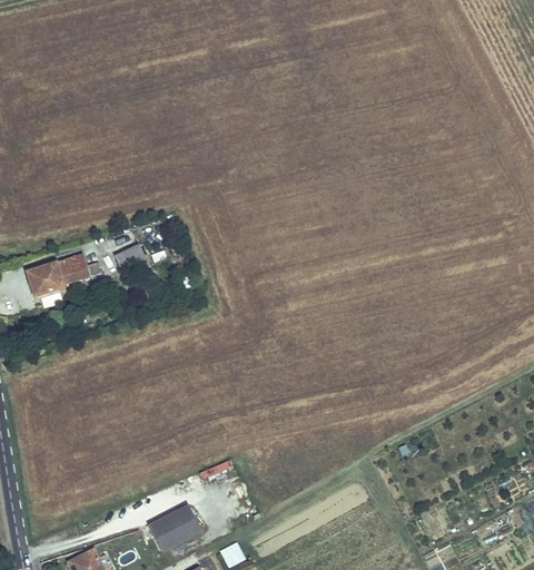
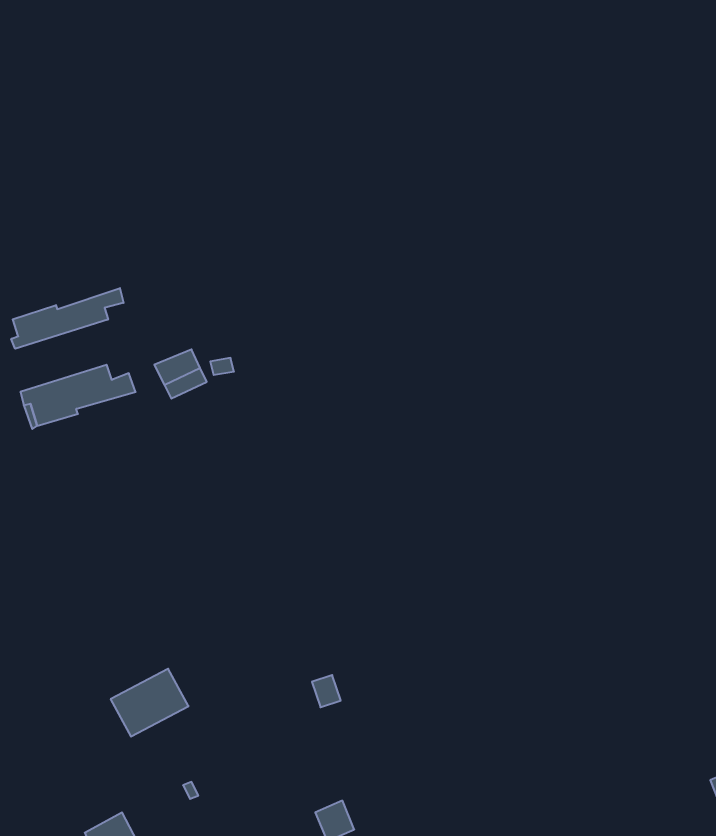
building: none -> [11,288,124,349]
building: [149,505,200,550] -> [111,669,189,737]

